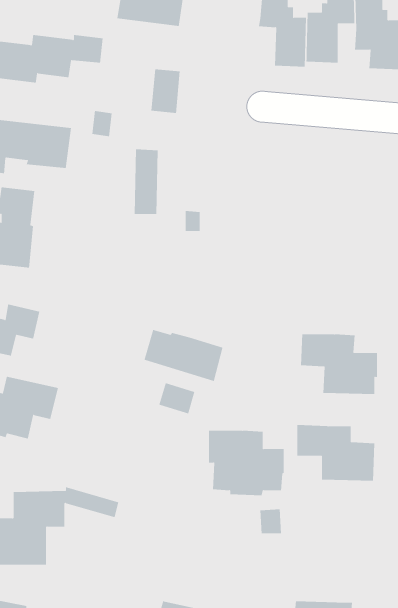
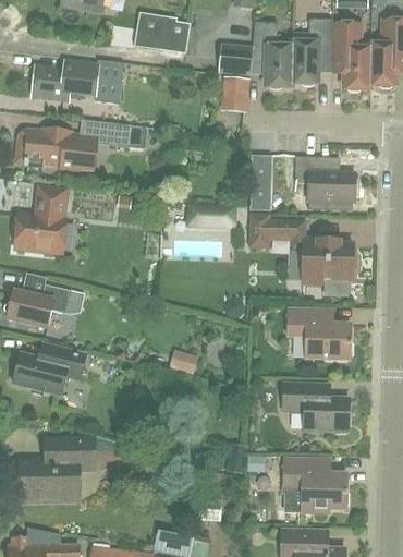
building: none -> [220,44,253,73]
building: [150,69,181,113] -> [224,78,249,116]
building: [134,149,159,215] -> [251,154,271,208]
building: none -> [294,155,358,211]
building: none -> [249,213,356,294]
building: [144,329,223,382] -> none
building: [208,430,284,496] -> [283,457,346,511]

